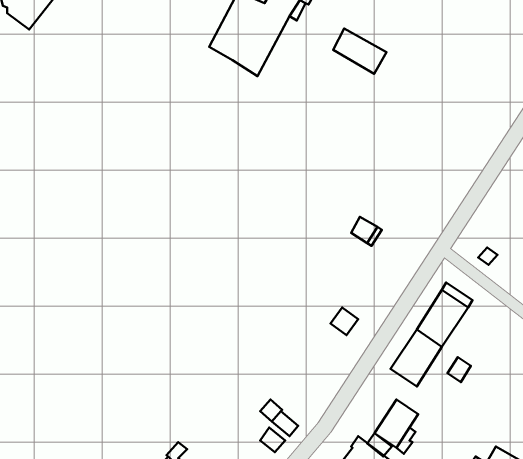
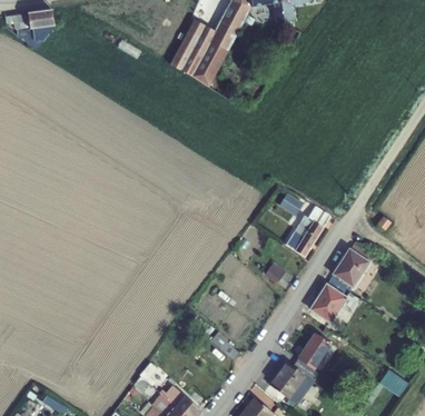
building: [333,29,386,74] -> none
building: none -> [285,206,329,256]

